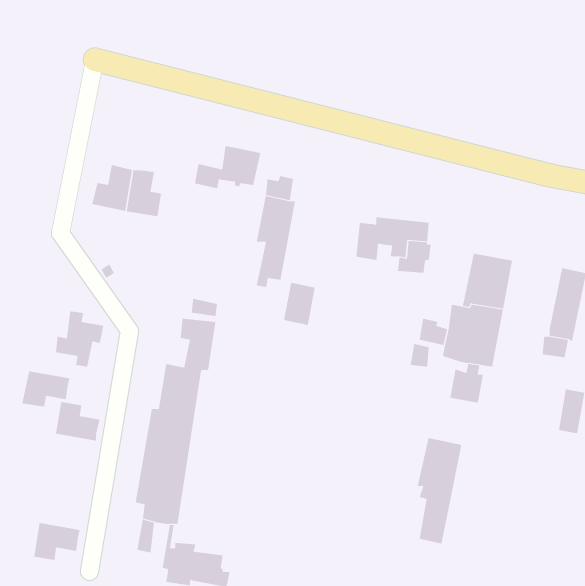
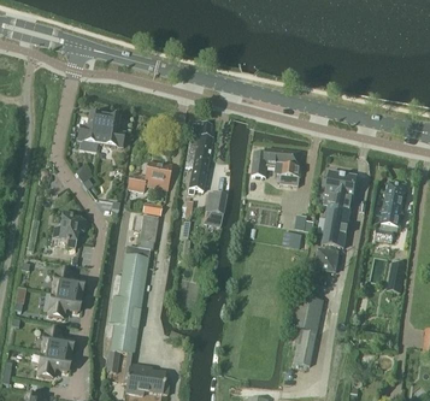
building: [194,146,261,189] -> [128,163,172,191]
building: [21,371,70,407] -> [48,293,81,317]
building: none -> [42,330,72,356]

